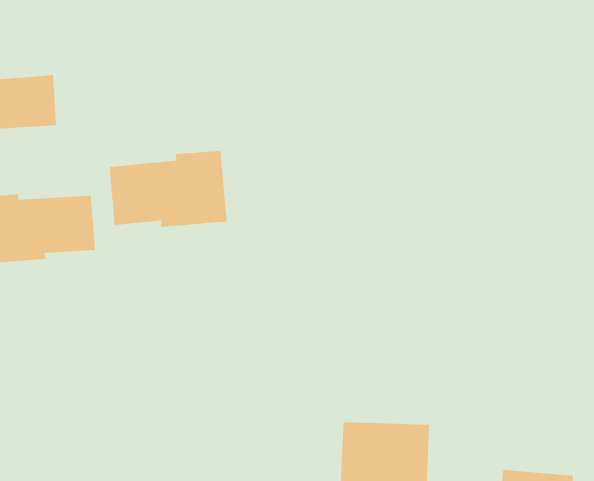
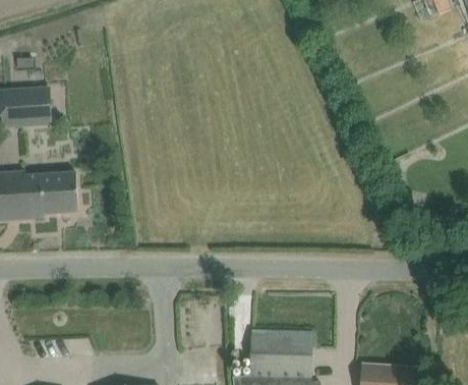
building: [109,150,227,227] -> none

